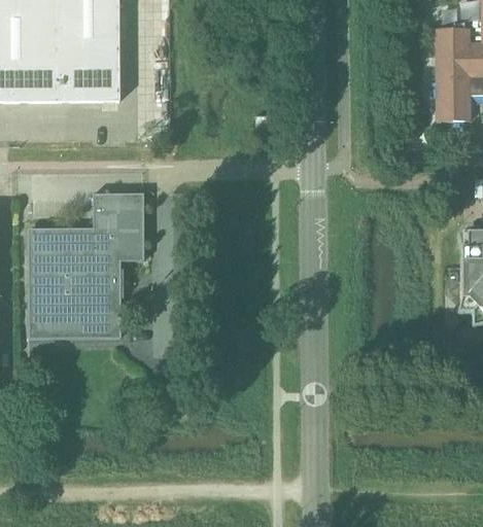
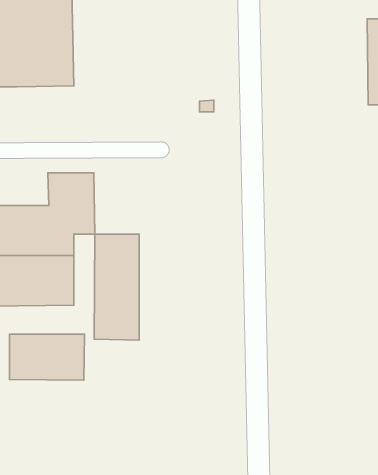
building: none -> [94,234,139,340]
building: none -> [10,334,85,380]

